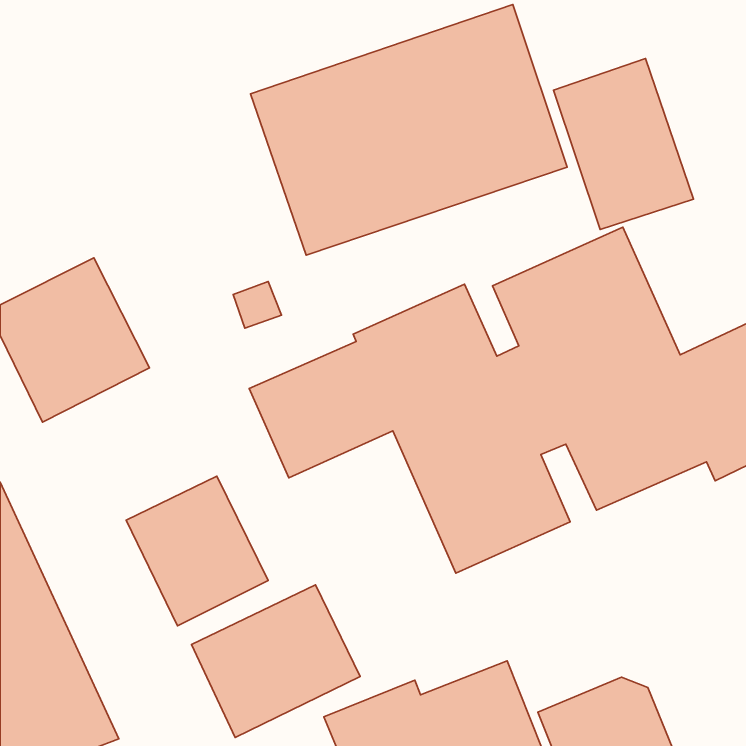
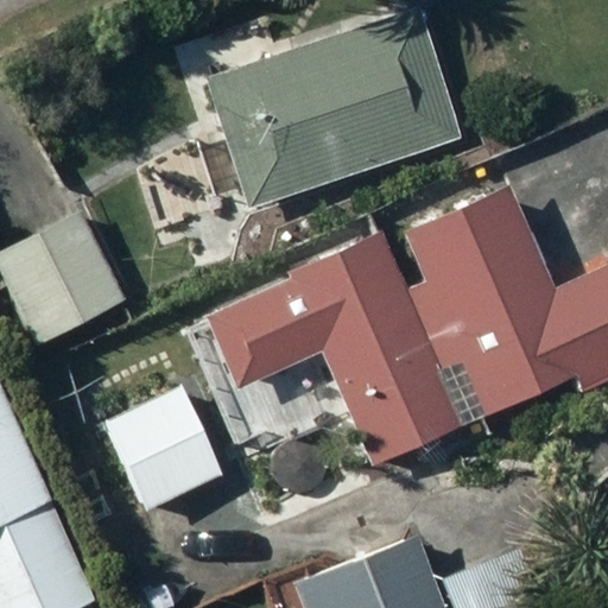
building: [553,58,694,229] -> none
building: [192,585,360,737] -> none

